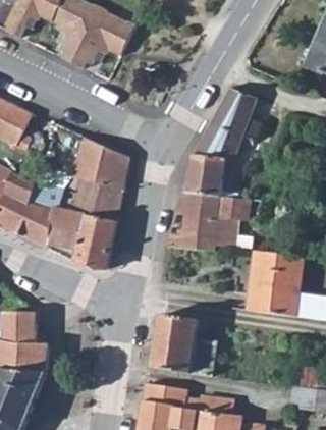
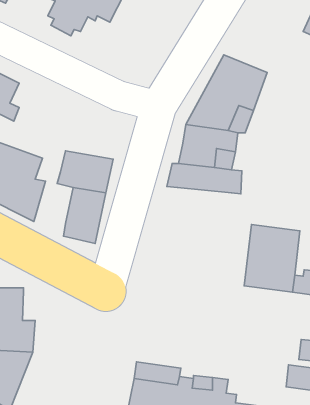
building: [69,135,127,187] -> none
building: [46,186,83,250] -> none
building: [166,215,235,252] -> none
building: [148,314,214,376] -> none

